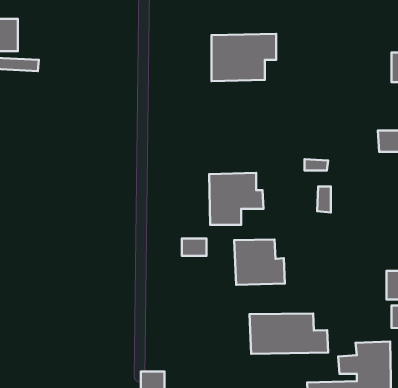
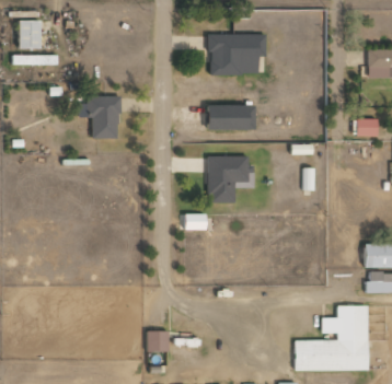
building: none -> [87,95,120,138]
building: none -> [205,104,255,129]
building: [234,239,285,285] -> none
building: [249,313,328,354] -> none

